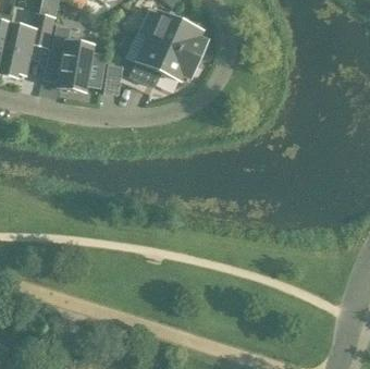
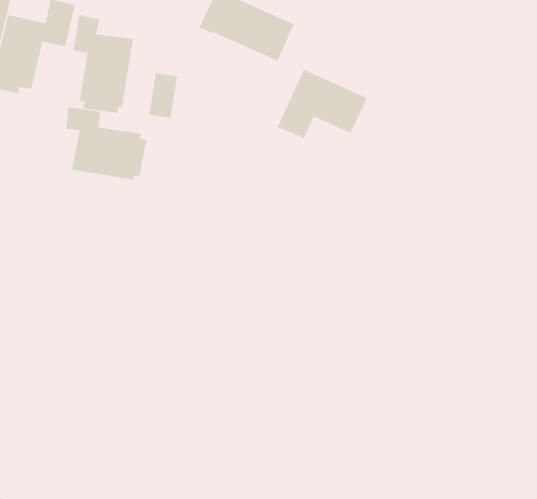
building: [131,36,192,83] -> [277,69,367,138]
building: none -> [66,107,147,180]

